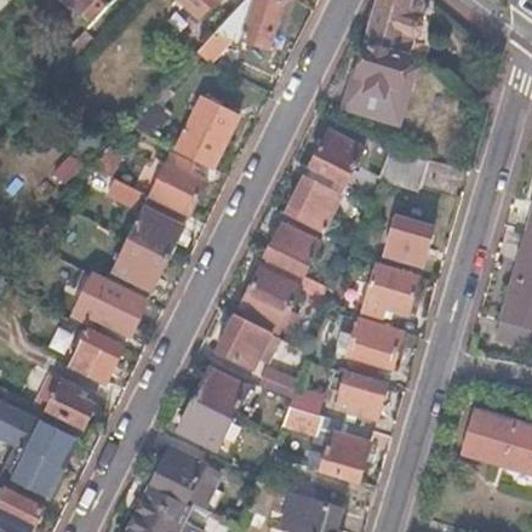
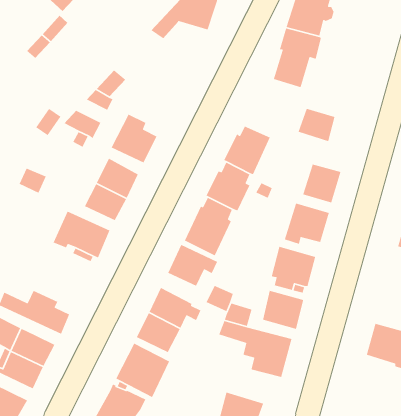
building: [175,97,236,167] -> none
building: [309,128,362,182] -> none
building: [70,327,125,381] -> none

